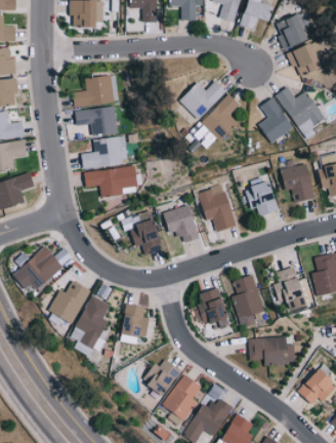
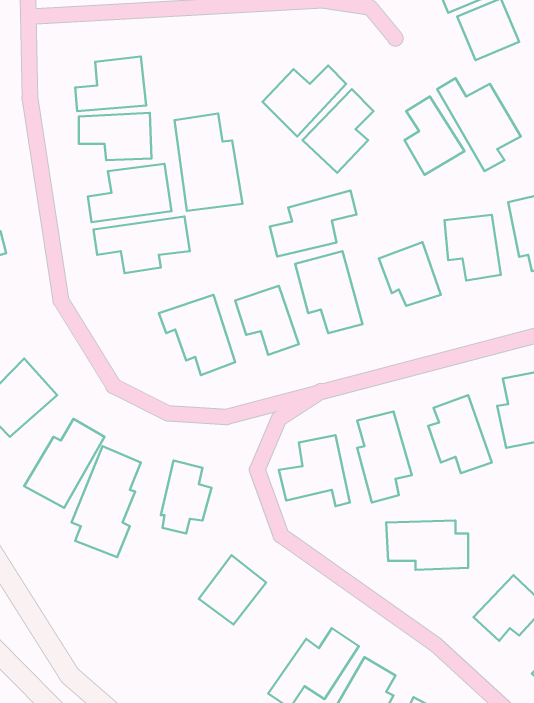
building: none -> [175,114,242,211]
building: none -> [270,191,356,256]
building: [163,373,203,418] -> none

